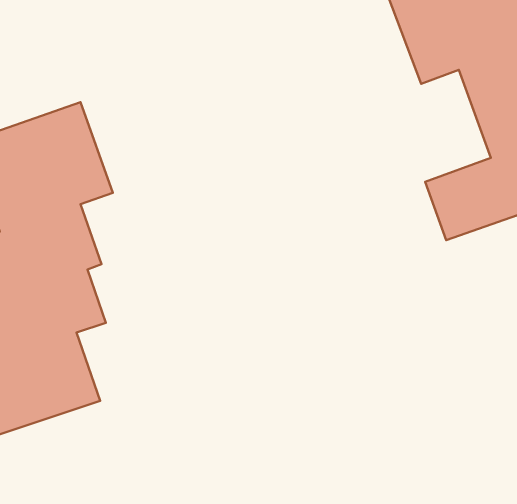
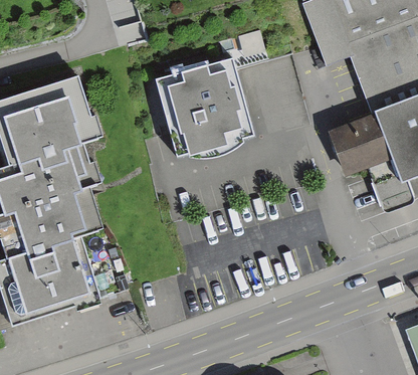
building: none -> [151,55,261,164]

